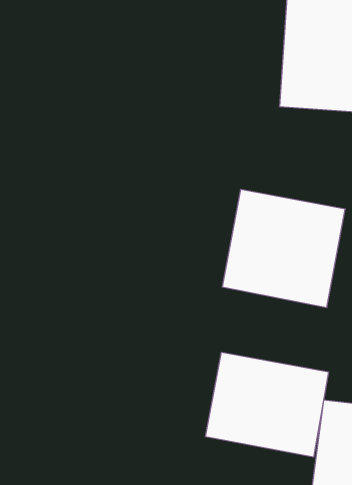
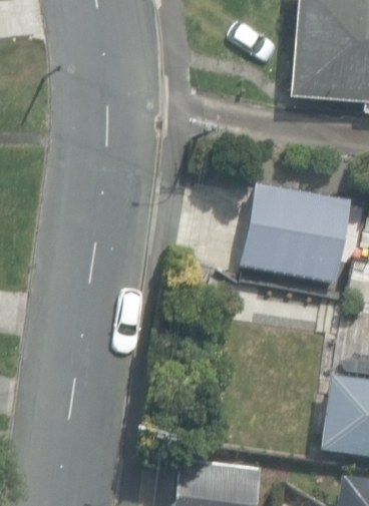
building: [206,352,328,457] -> none

